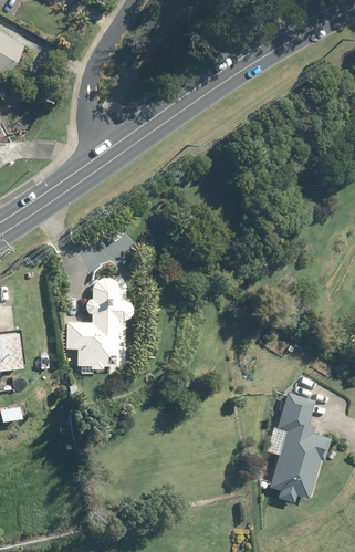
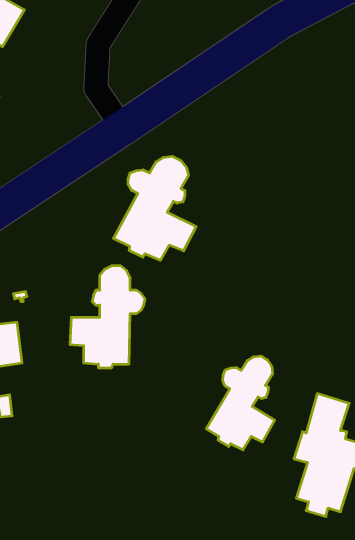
building: none -> [113,156,196,260]
building: none -> [206,356,275,450]

